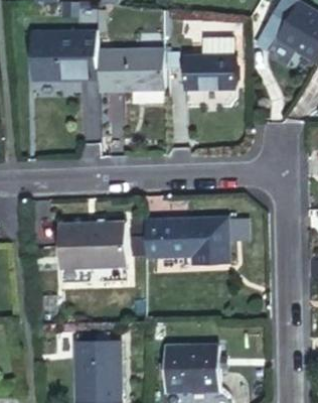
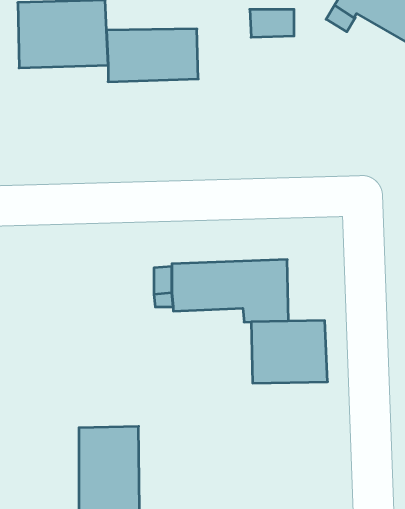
building: [184,57,234,89] -> none
building: [58,226,128,269] -> none
building: [165,346,220,391] -> [251,321,328,383]

